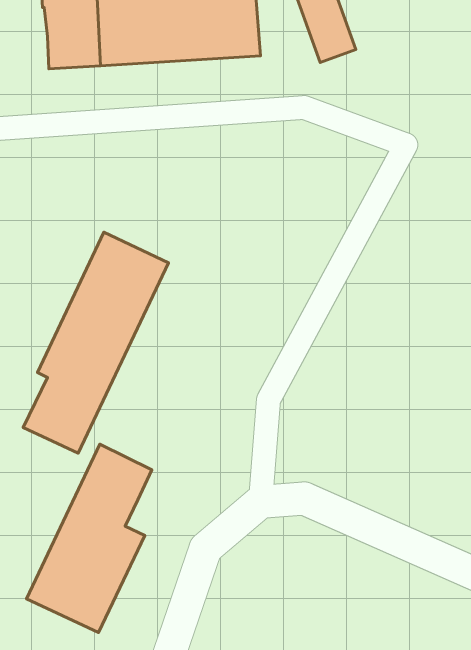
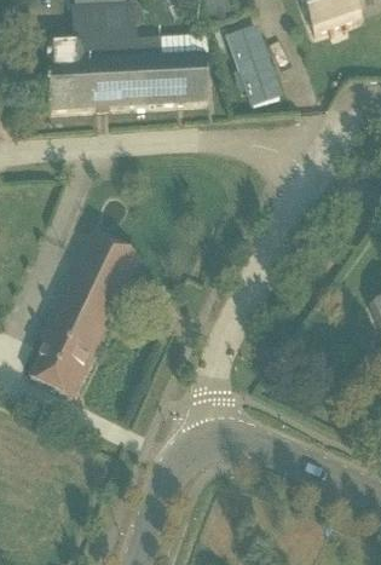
building: [27,444,152,632] -> none

